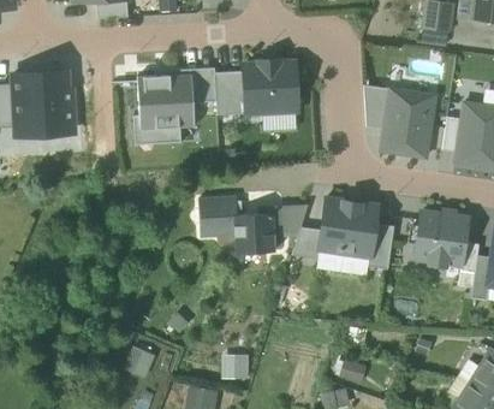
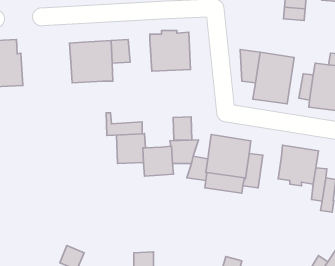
building: [215,71,246,114] -> none
building: [133,114,181,144] -> [106,113,142,135]
building: none -> [173,117,192,140]

